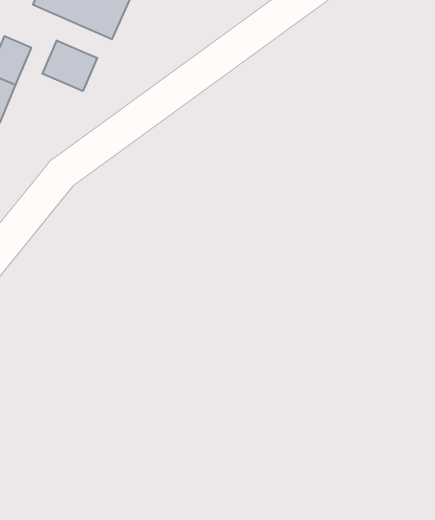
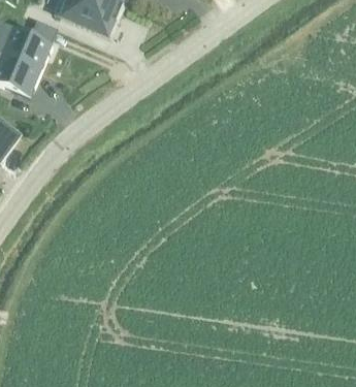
building: [42,40,97,91] -> none

